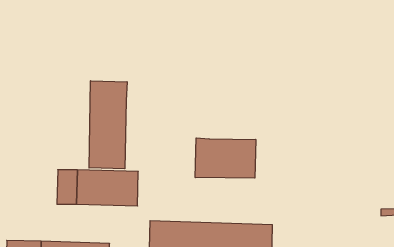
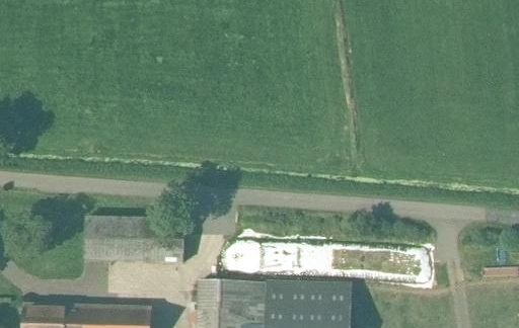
building: [89,81,127,169] -> none
building: [195,138,256,178] -> none

